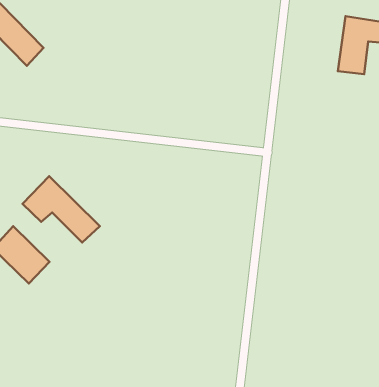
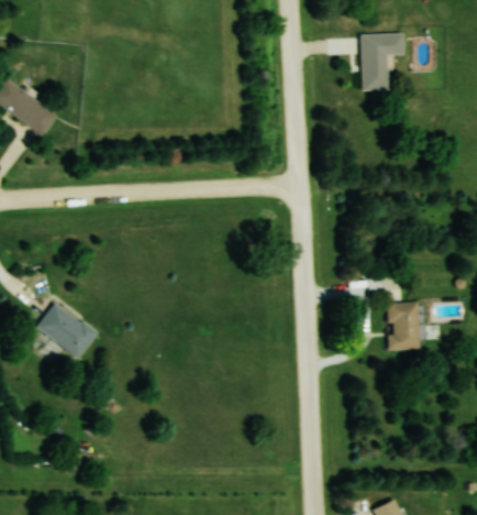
building: [22,176,100,243] -> none
building: none -> [388,303,419,350]

